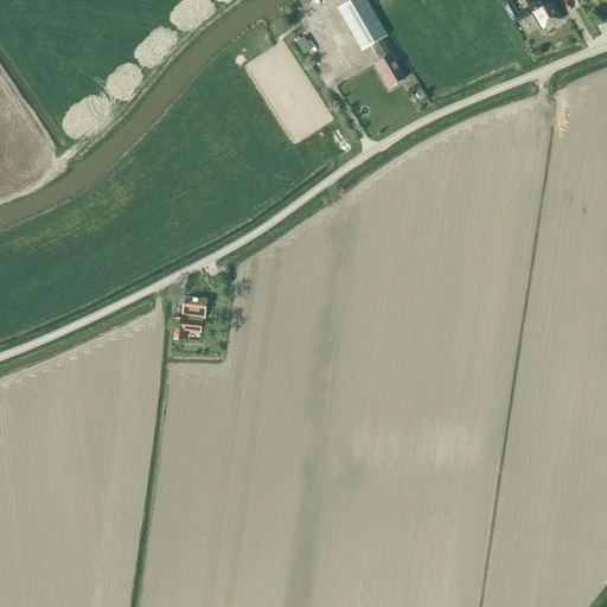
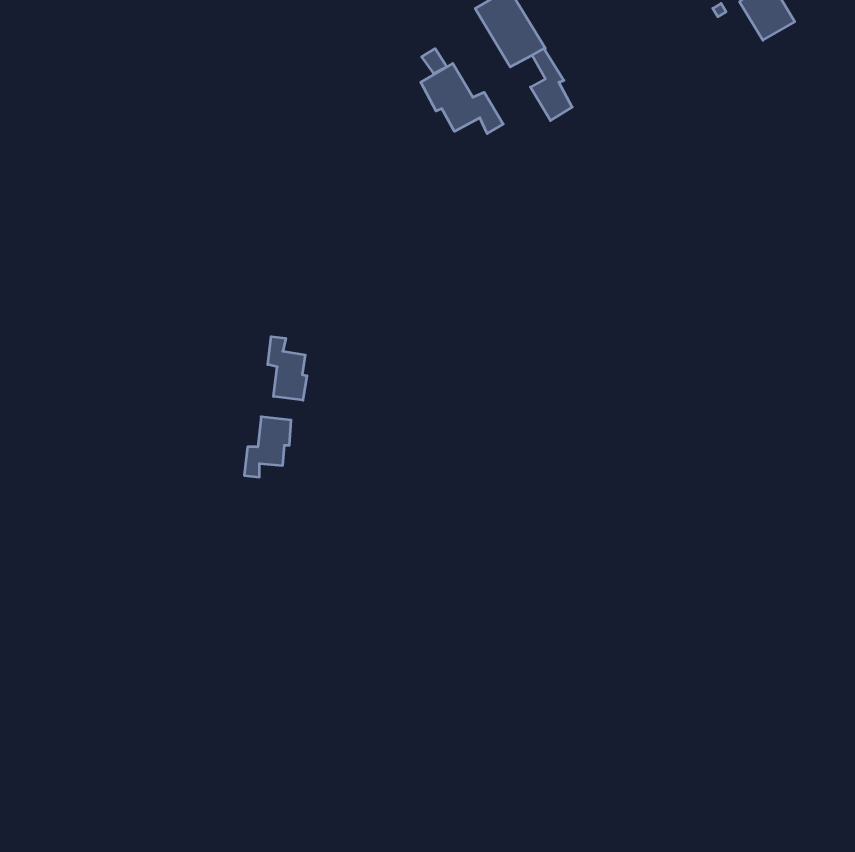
building: none -> [421,63,503,134]
building: none -> [268,337,307,400]

